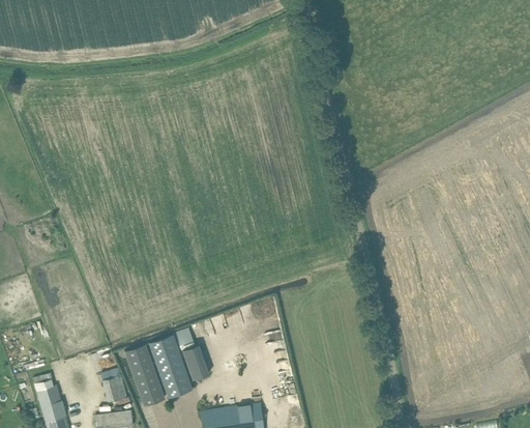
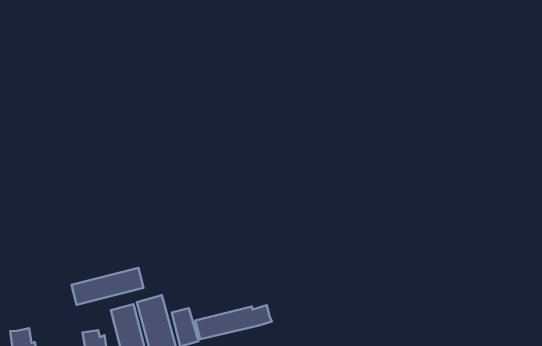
building: none -> [71,268,143,305]
building: none -> [195,305,272,339]

